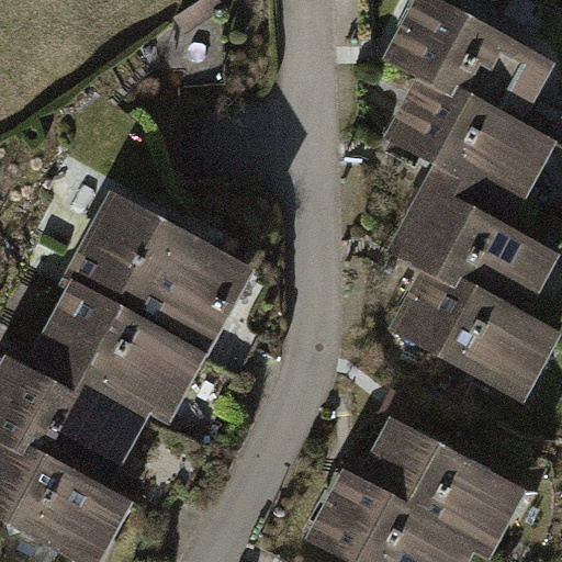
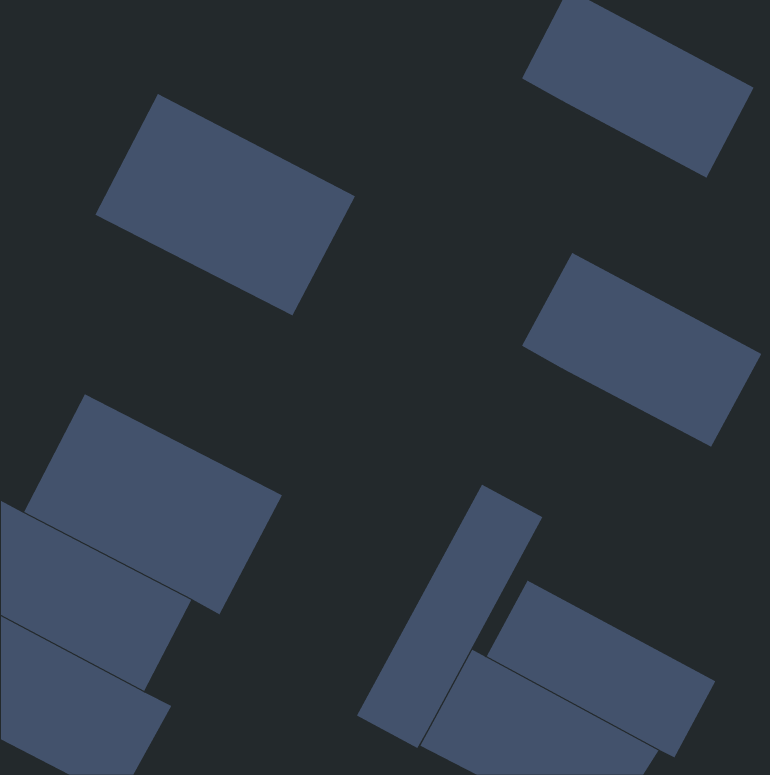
building: [370,72,549,226] -> none
building: [71,194,258,353] -> [95,93,356,316]
building: [378,263,549,402] -> none
building: none -> [356,484,543,749]

